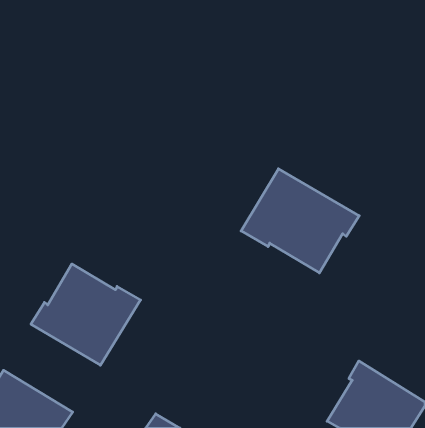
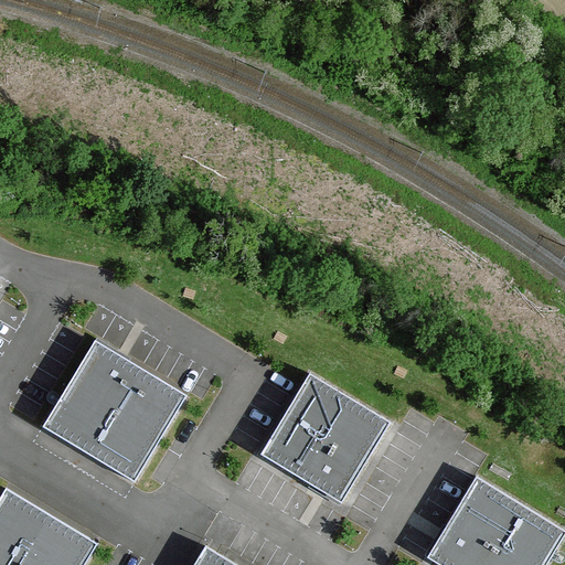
building: [241,169,359,273] -> none
building: none -> [260,372,390,494]

